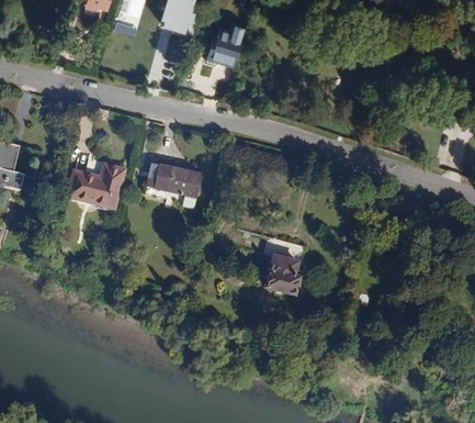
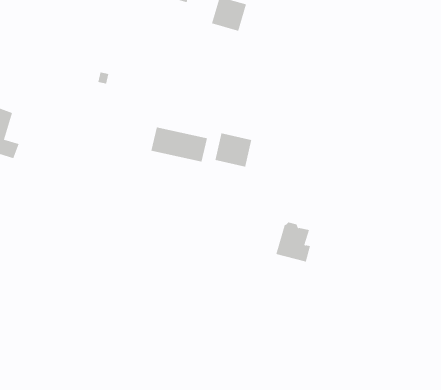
building: [69,163,124,205] -> none
building: none -> [215,133,252,167]

